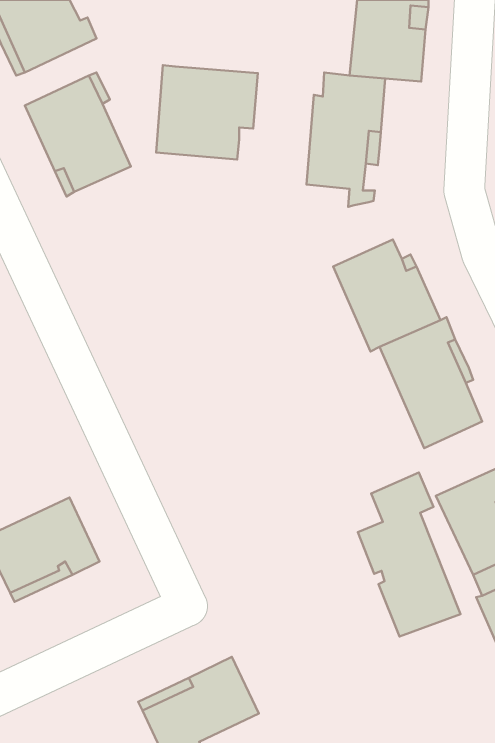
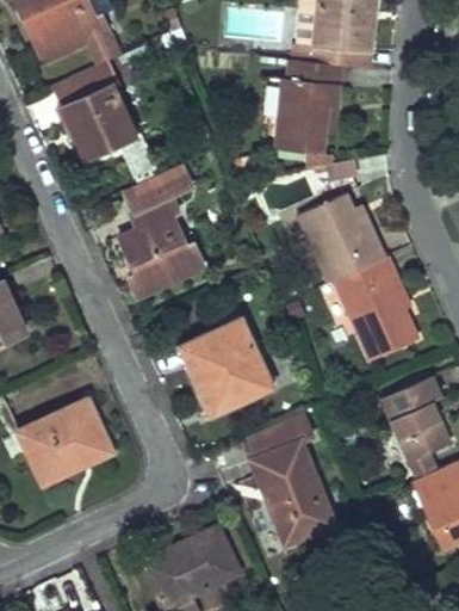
building: [156,65,258,159] -> none
building: none -> [119,165,204,297]
building: none -> [179,316,273,416]
building: [358,473,460,636] -> [252,412,334,543]

